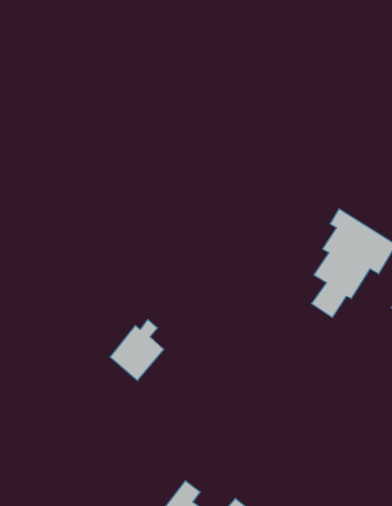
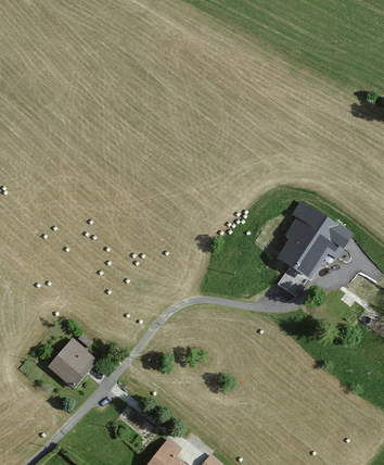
building: [110,319,164,381] -> [50,334,97,387]

